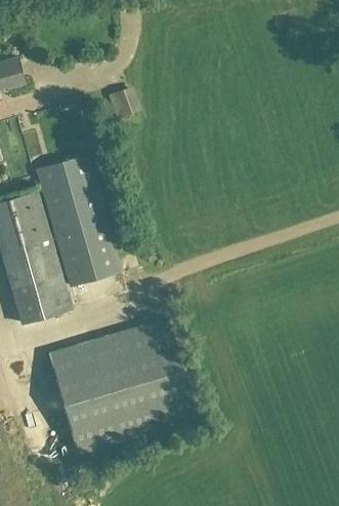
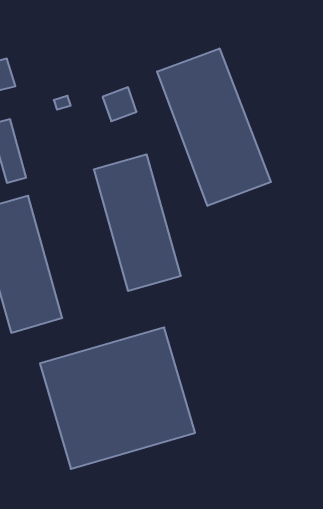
building: none -> [157,48,271,206]
building: [37,154,121,285] -> [94,155,181,291]

